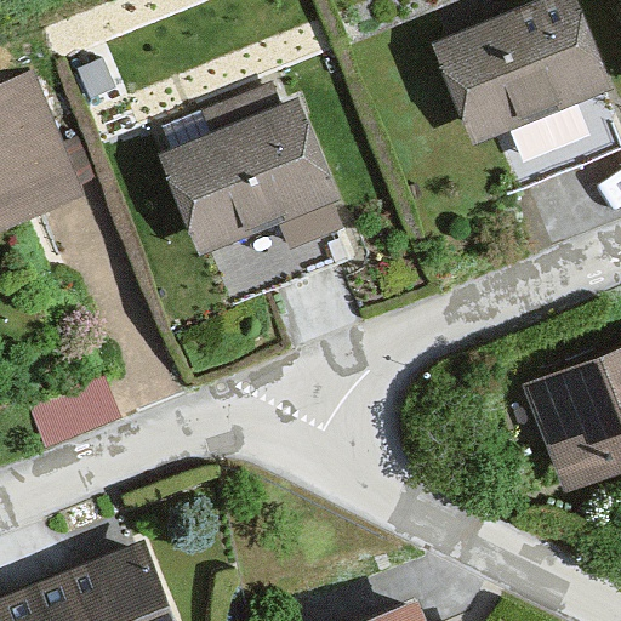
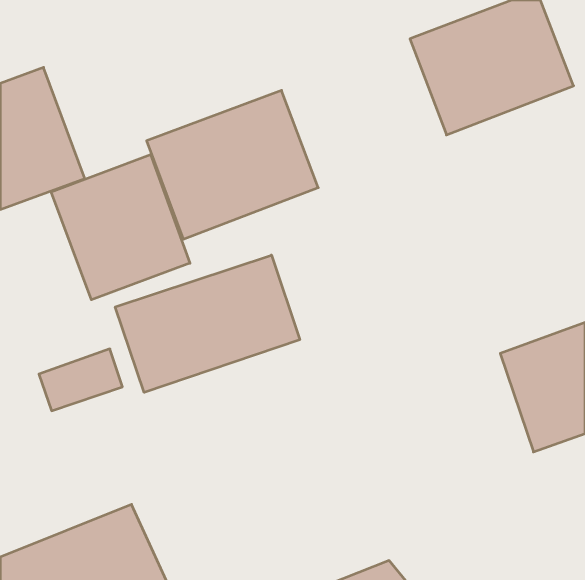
building: none -> [51,155,190,300]
building: none -> [115,255,300,392]

